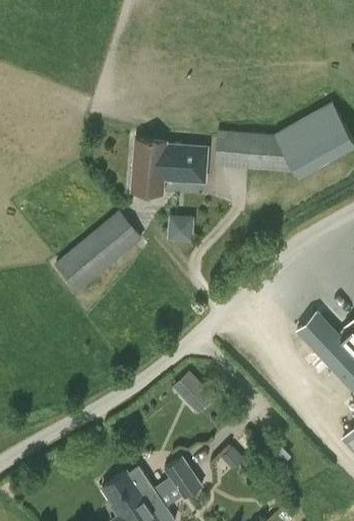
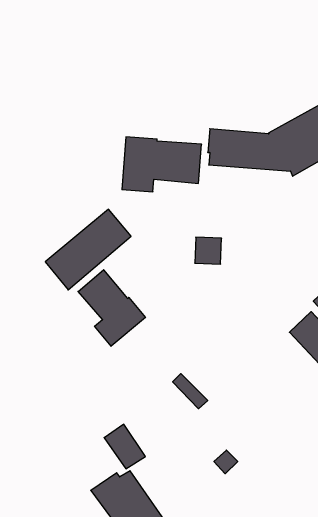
building: [170,214,196,240] -> [195,237,222,264]
building: none -> [78,270,145,346]
building: [164,456,204,500] -> [104,424,145,469]

